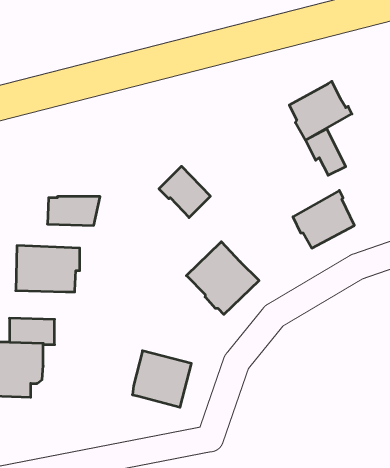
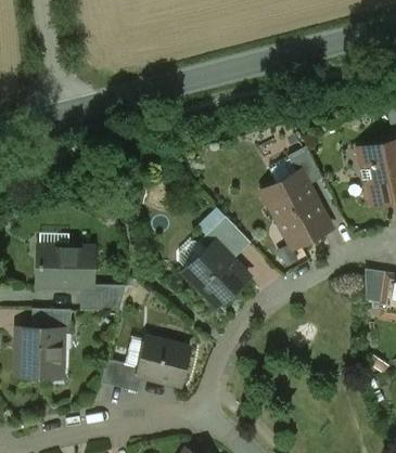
building: [289,81,352,140] -> [263,169,317,220]
building: [159,166,210,218] -> [205,215,250,259]
building: [47,197,100,225] -> [79,284,125,309]
building: none -> [101,359,142,391]

